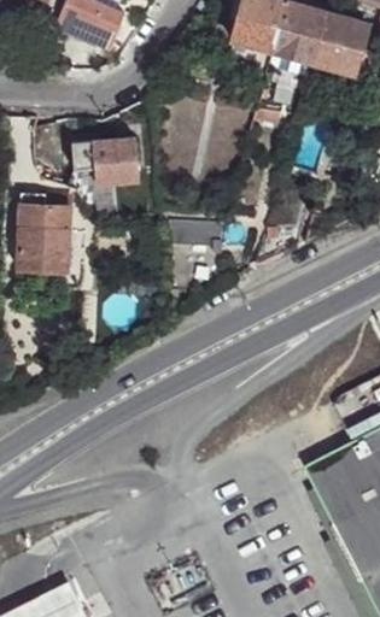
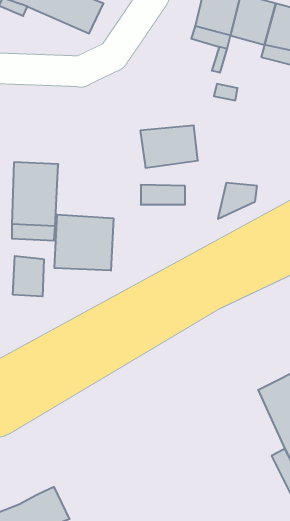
building: [74,133,141,182] -> [140,126,198,168]
building: none -> [55,215,113,271]
building: none -> [13,256,44,296]

